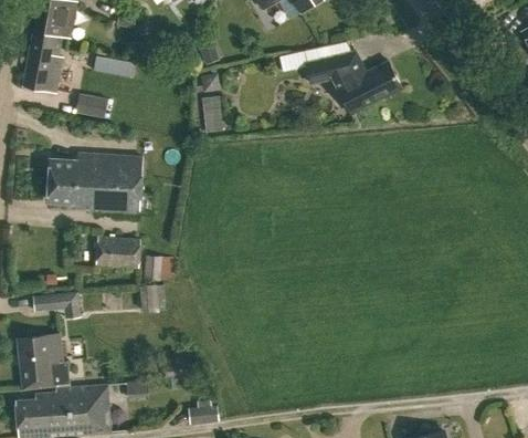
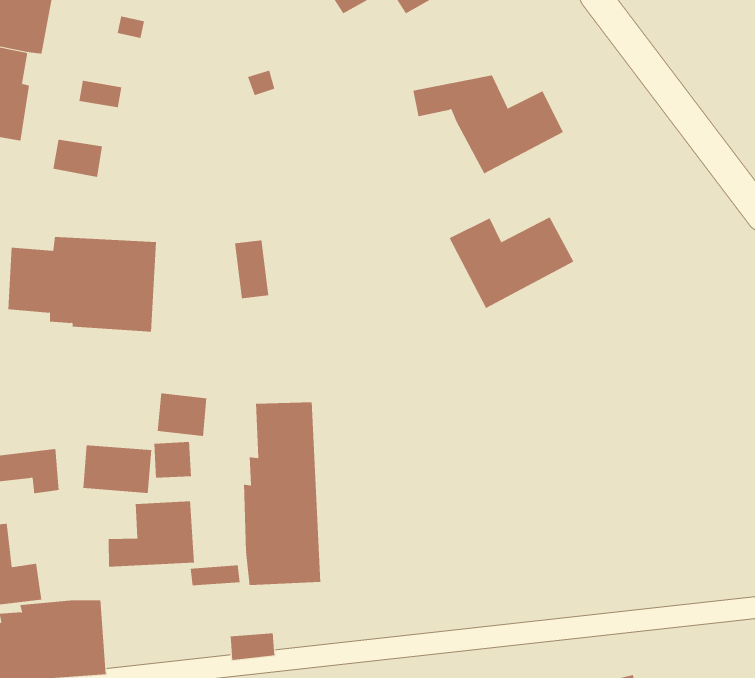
building: [199,95,221,133] -> [234,240,269,299]
building: none -> [449,216,574,309]
building: [95,237,139,268] -> [82,445,152,493]
building: none -> [244,402,321,586]
building: none -> [108,501,194,567]

